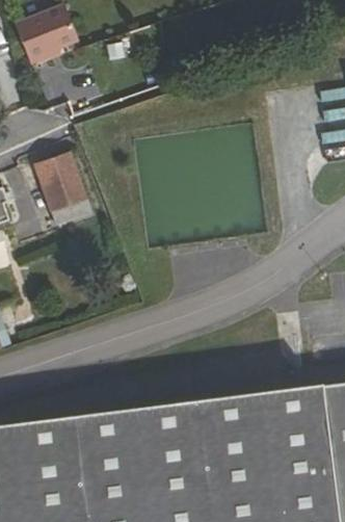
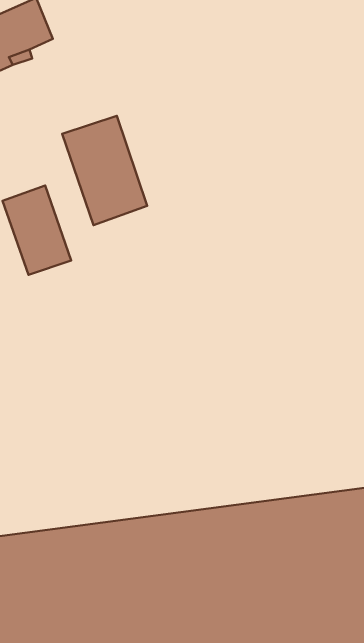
building: none -> [62,116,147,225]

